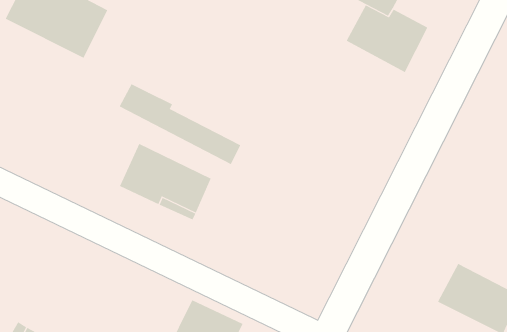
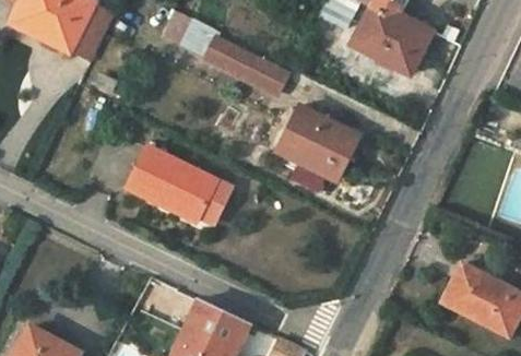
building: [119,83,241,165] -> [165,12,286,93]
building: none -> [277,105,359,189]

